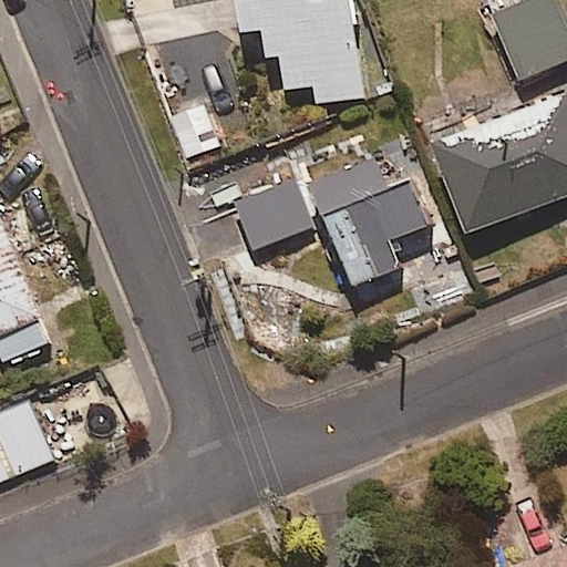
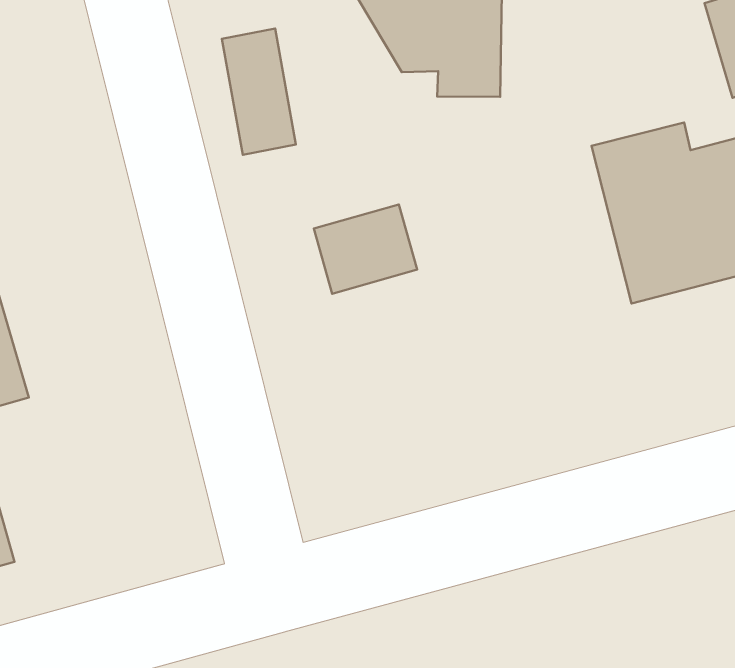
building: [309,161,427,285] -> none

